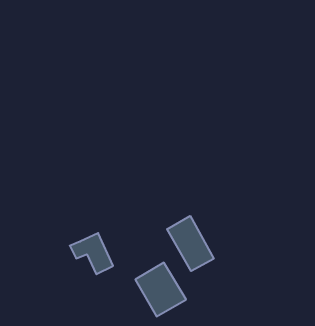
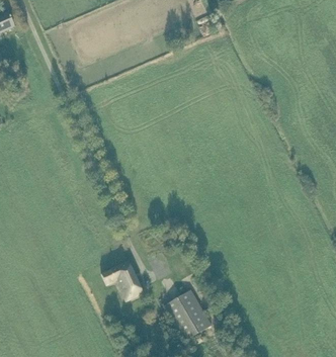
building: [167,216,214,271] -> none

